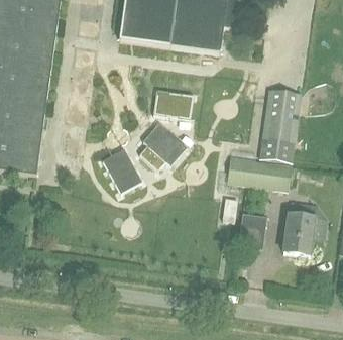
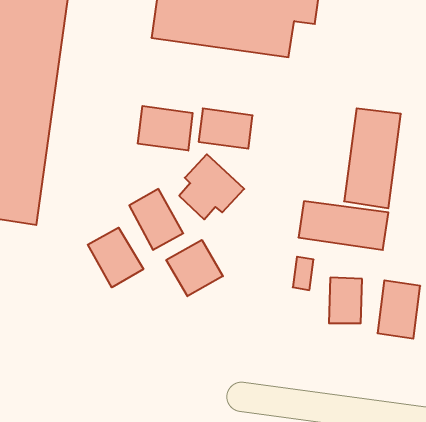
building: none -> [138,106,193,151]
building: none -> [88,228,143,287]
building: none -> [166,240,223,296]

